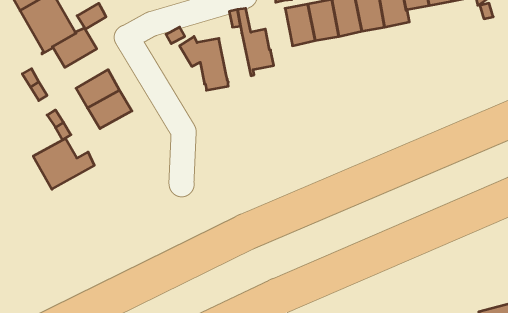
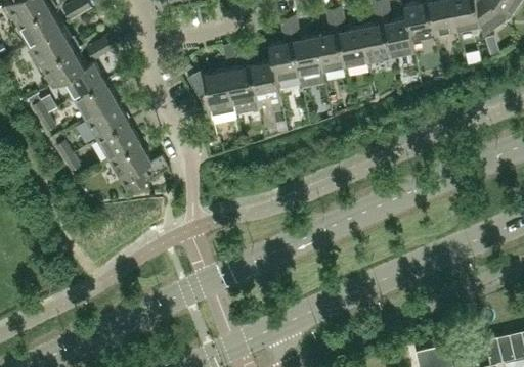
building: none -> [269,42,299,83]
building: none -> [226,66,258,114]
building: none -> [74,82,117,121]
building: [33,138,94,189] -> [108,143,169,193]

